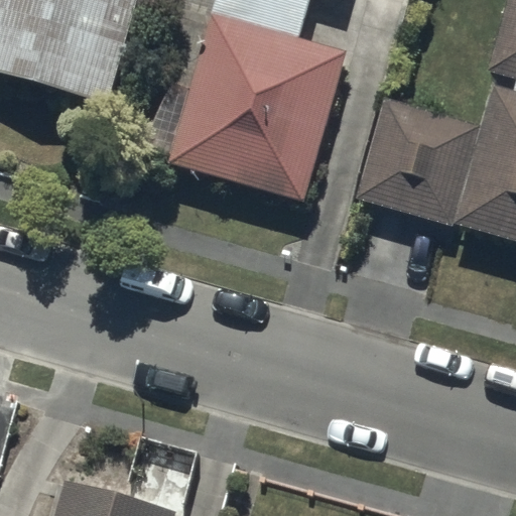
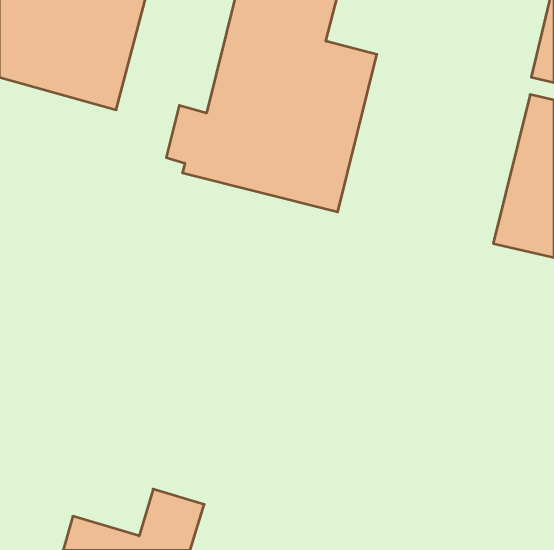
building: [358,98,479,226] -> none

